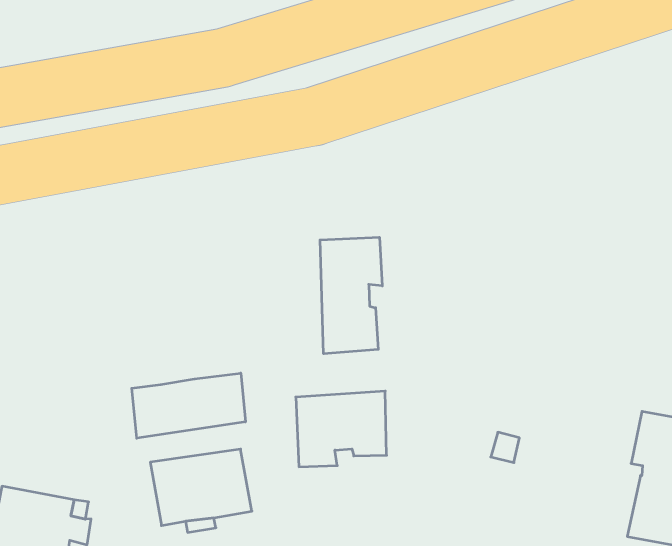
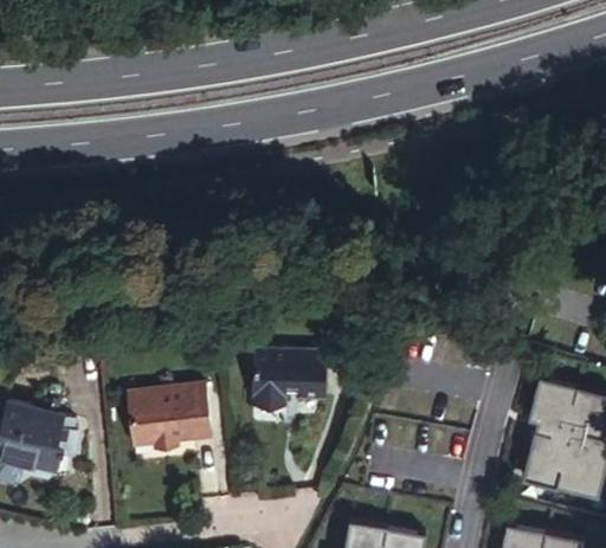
building: [320,237,382,354] -> none
building: [132,373,245,438] -> none

